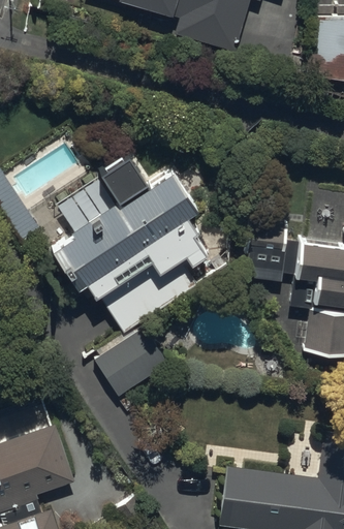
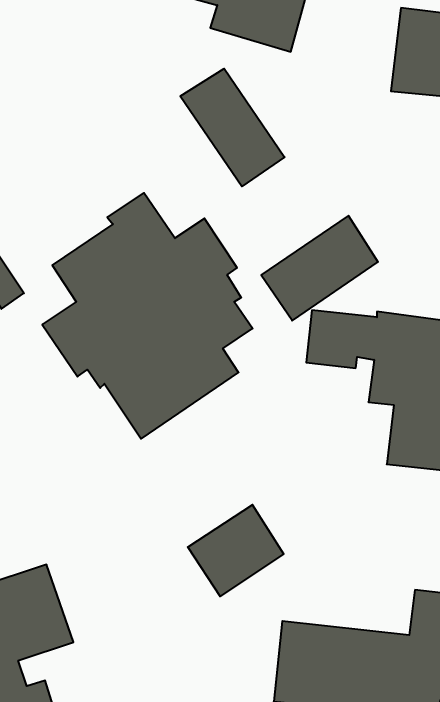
building: none -> [180,69,285,186]
building: none -> [261,216,378,321]
building: [96,329,166,396] -> [188,505,284,596]

